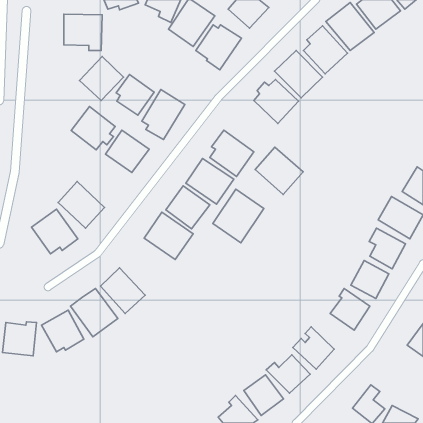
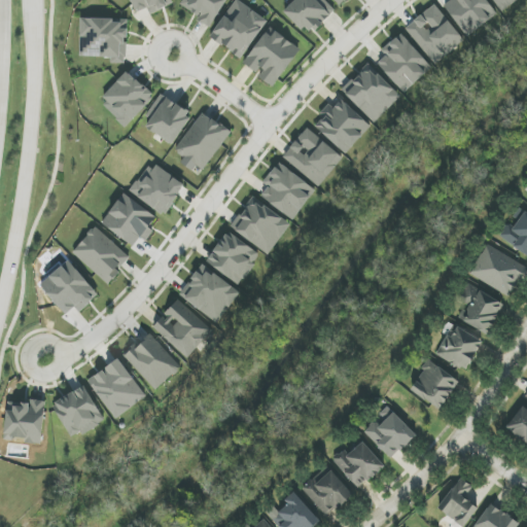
building: [71,107,115,150] -> [101,192,155,246]
building: [255,147,303,194] -> [283,127,343,185]
building: [213,189,264,243] -> none
building: none -> [152,298,211,357]

